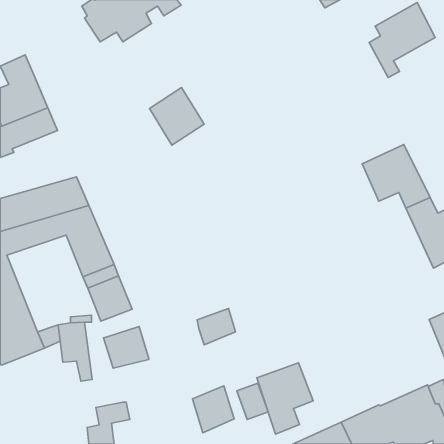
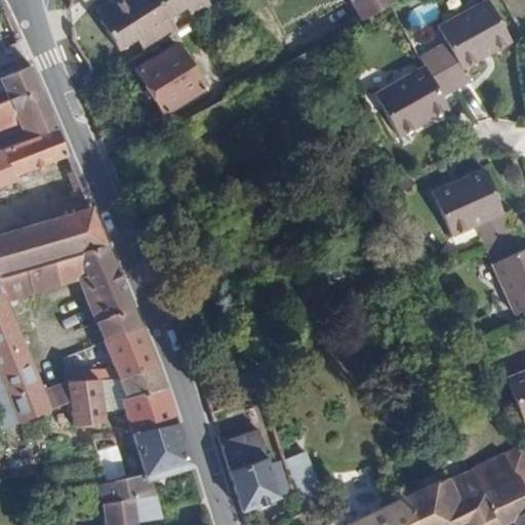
building: none -> [378,50,458,135]
building: [149,88,204,145] -> [138,44,203,112]
building: [197,308,235,345] -> [219,427,265,470]
building: none -> [120,364,165,397]
building: none -> [134,423,189,474]
building: [257,363,313,434] -> none

